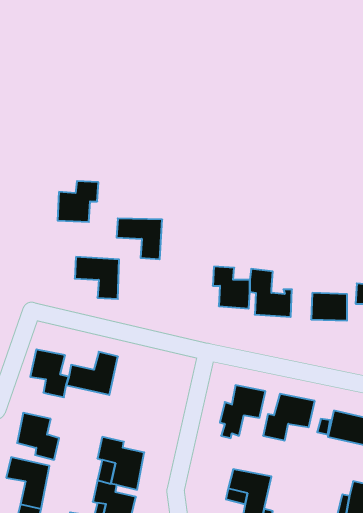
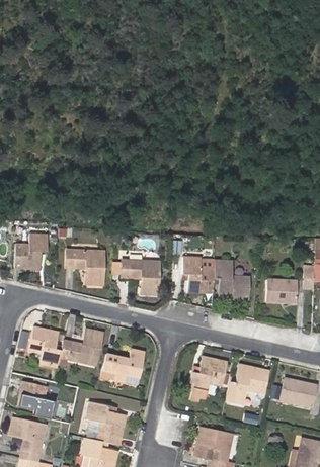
building: [58,181,98,222] -> [14,234,49,268]
building: [117,218,162,259] -> [122,260,160,294]
building: none -> [102,349,145,381]

